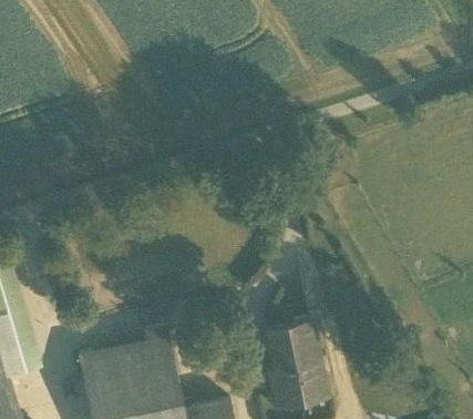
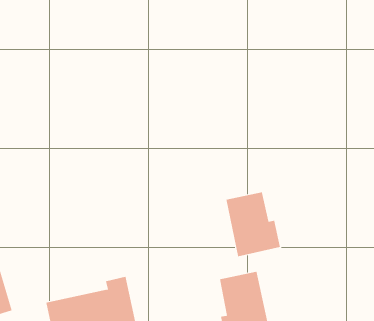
building: none -> [226,192,281,257]

